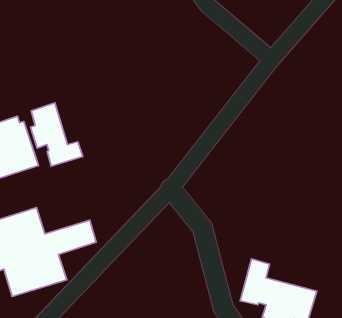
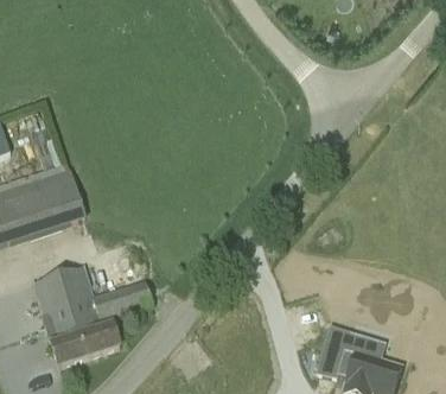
building: [31,103,83,166] -> none

